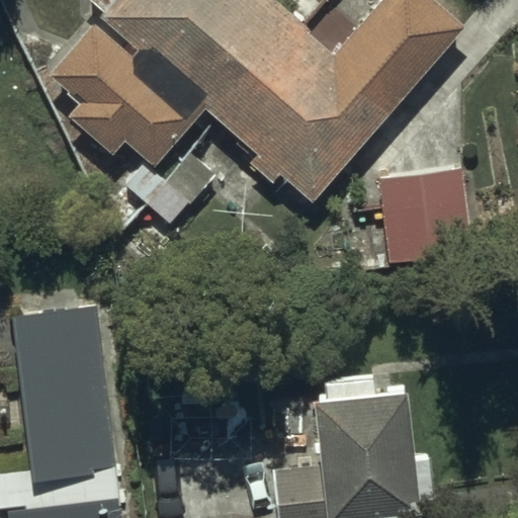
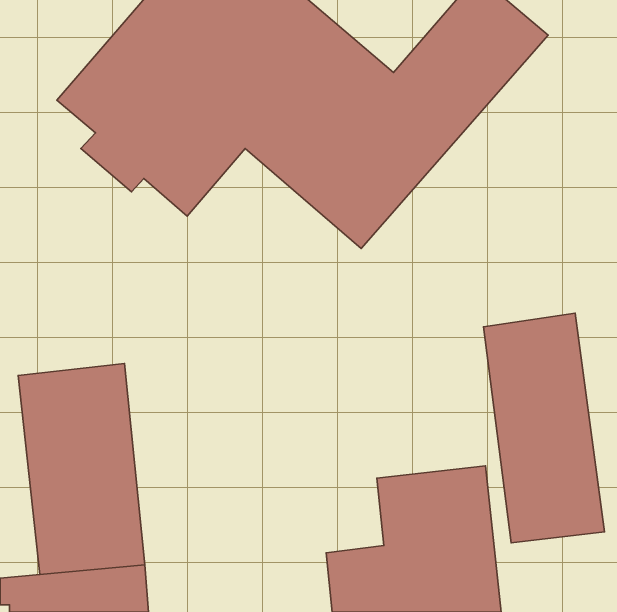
building: [377,168,468,261] -> none
building: none -> [484,313,605,543]

